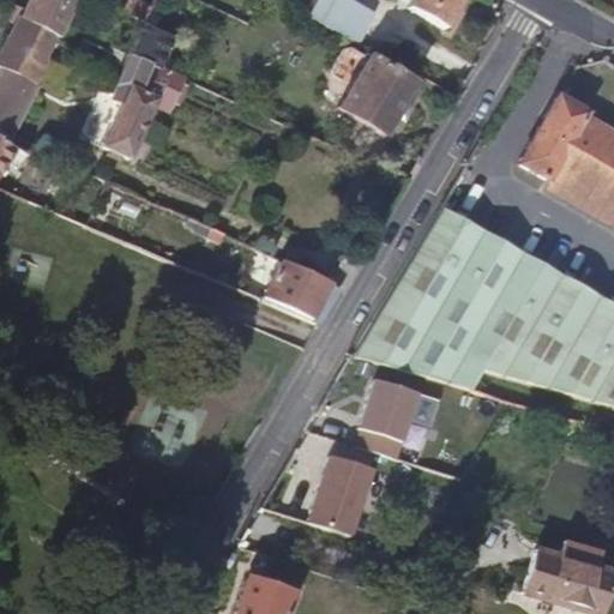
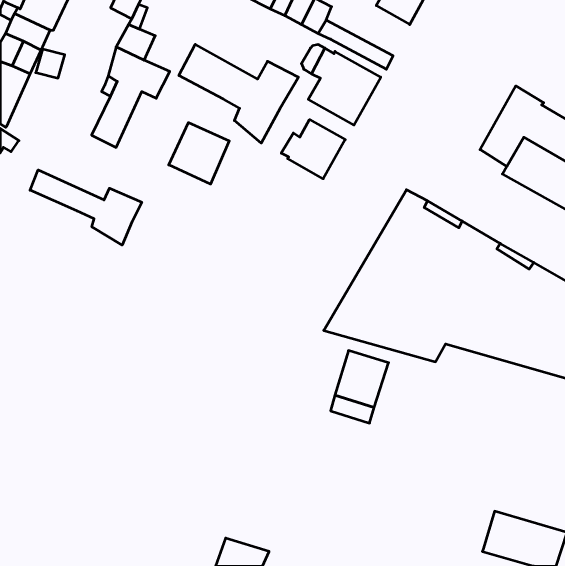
building: none -> [179,44,298,143]
building: none -> [281,120,345,179]
building: none -> [169,123,229,184]
building: none -> [30,170,142,245]
building: [265,260,343,325] -> none
building: [315,452,378,529] -> none

